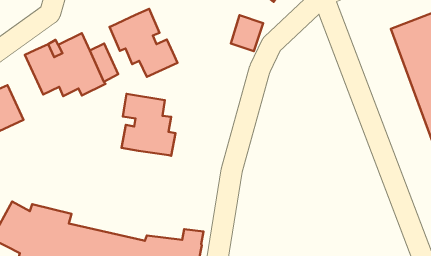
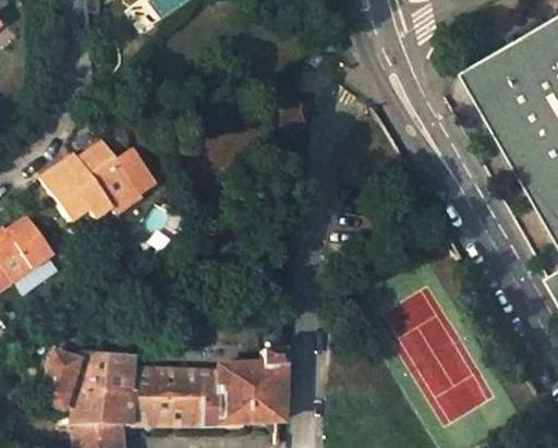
building: [109,9,177,77] -> none
building: [122,94,175,156] -> none

